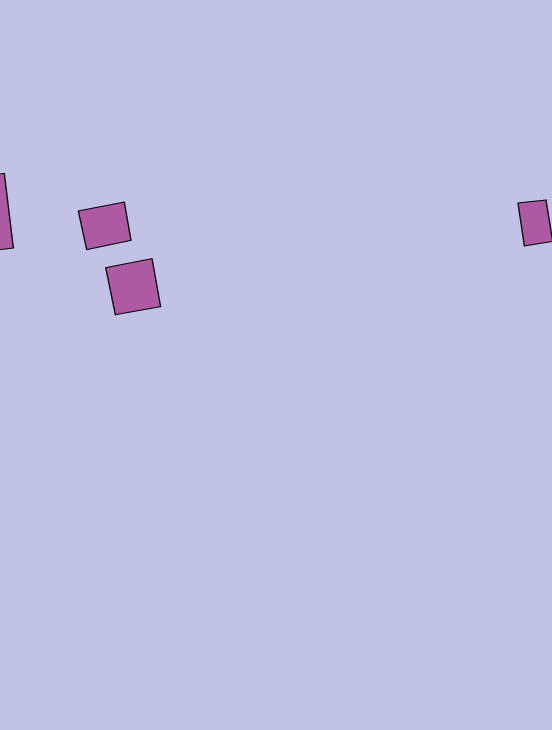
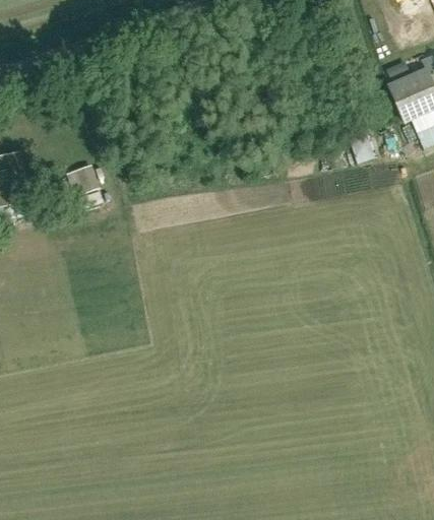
building: [106,259,160,315] -> none

